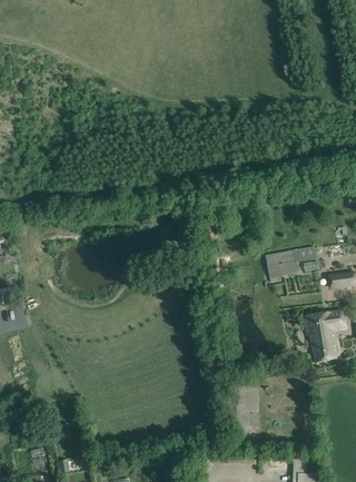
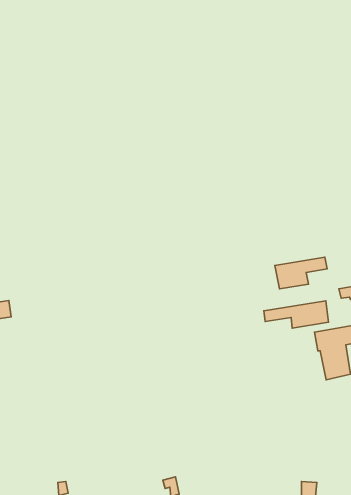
building: none -> [264,301,328,328]

